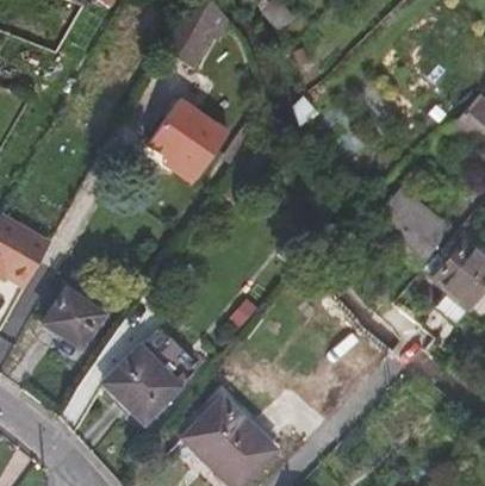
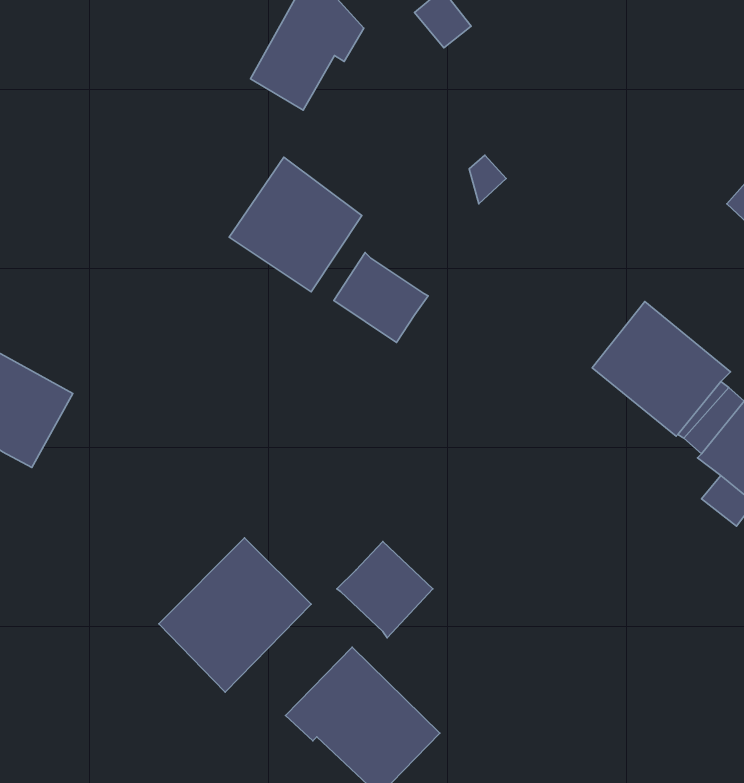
building: none -> [334,252,428,343]
building: [43,289,102,348] -> none
building: none -> [337,542,433,638]

